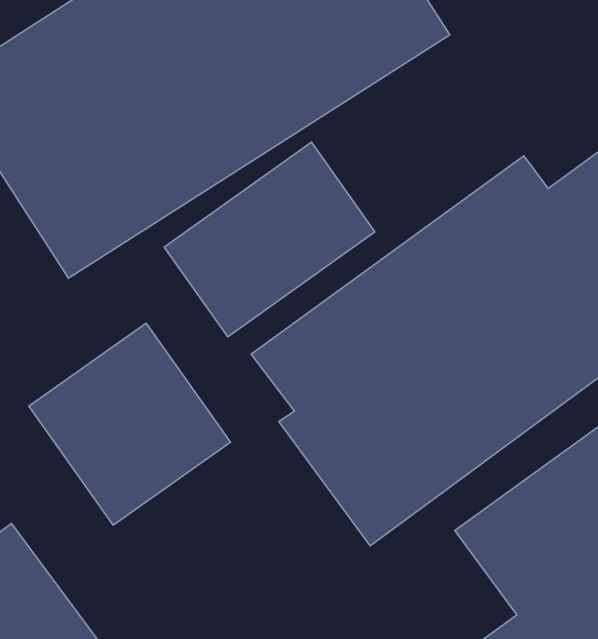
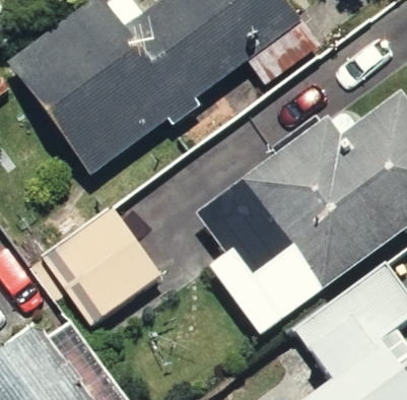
building: [164,142,375,337] -> none

